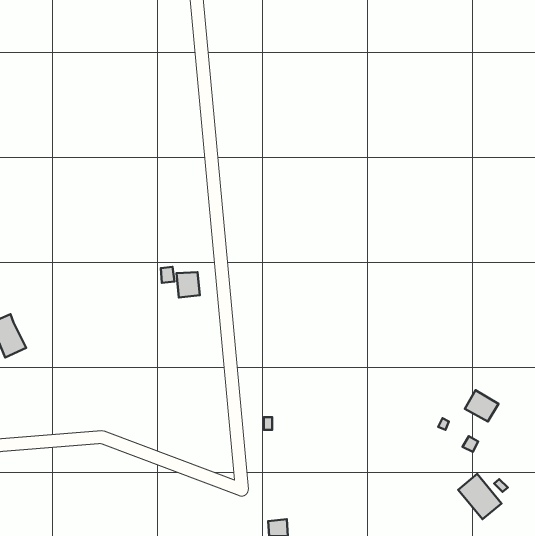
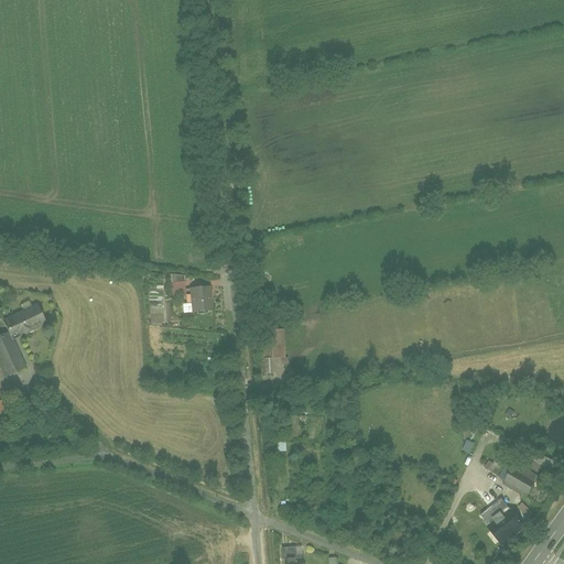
building: none -> [6,303,48,338]
building: [465,390,499,422] -> [500,460,535,494]

